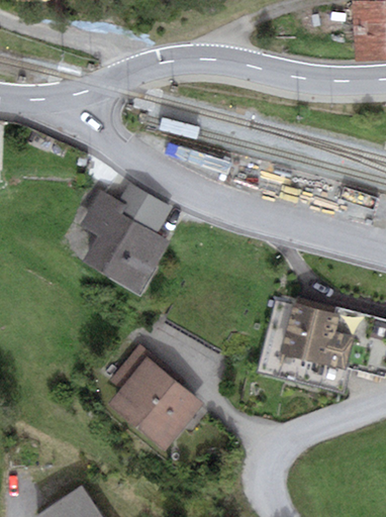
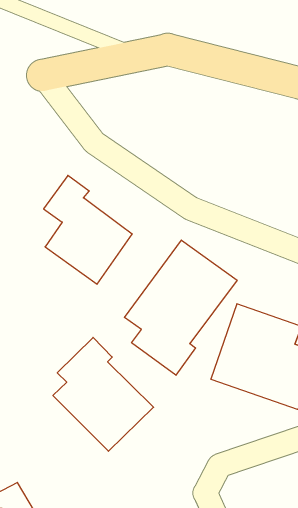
building: [117,186,171,233] -> none
building: none -> [124,240,237,375]

